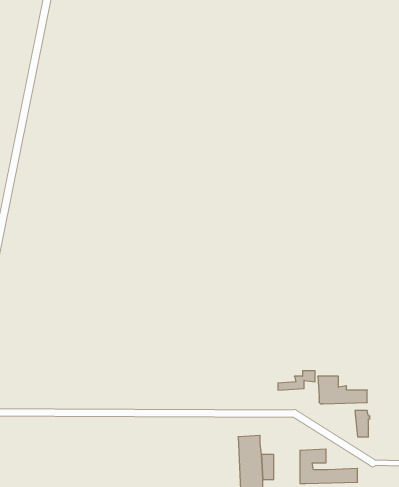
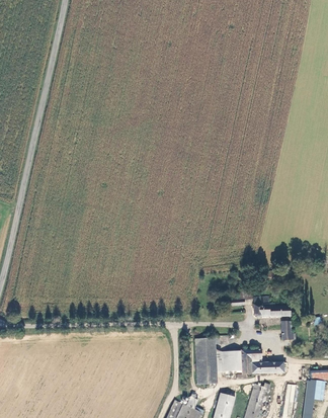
building: none -> [222,353,241,372]

